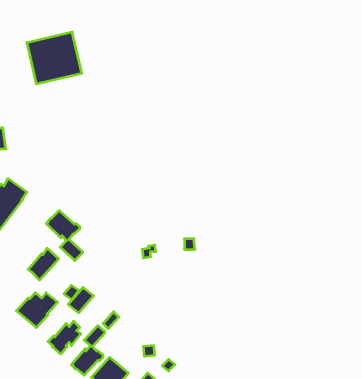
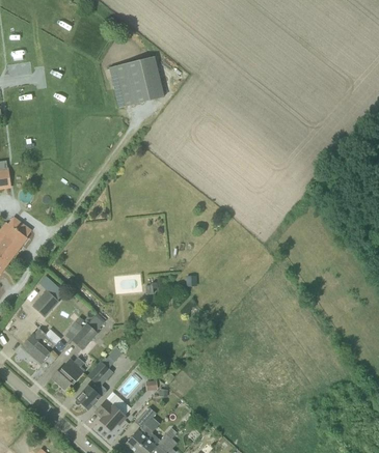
building: [27,32,82,84] -> [109,57,163,108]
building: [46,211,83,261] -> none

